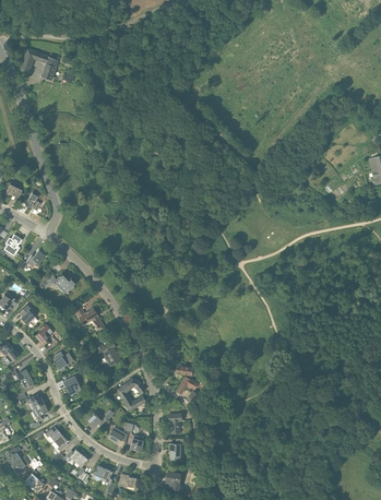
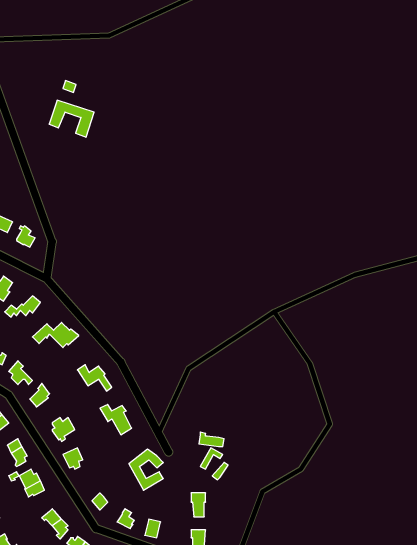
building: [21,48,58,79] -> [49,100,94,137]

